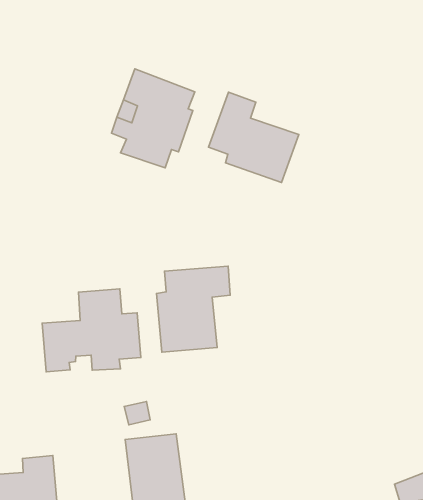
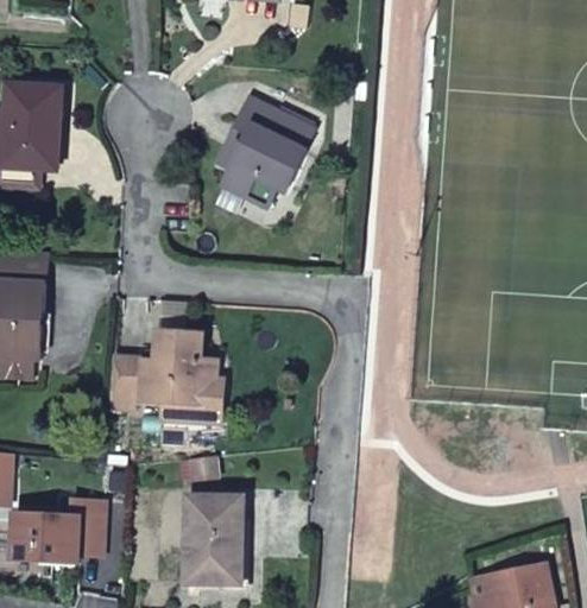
building: [208,92,299,183] -> none
building: [157,266,230,352] -> none

